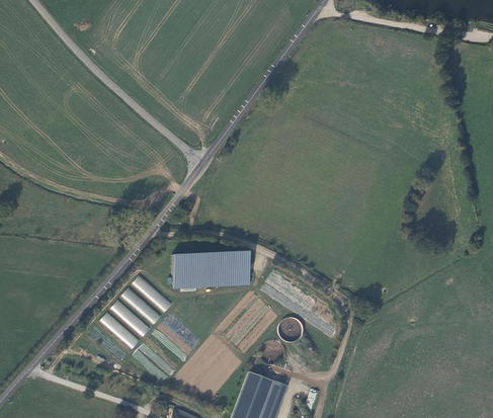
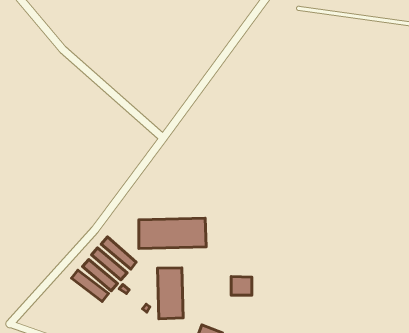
building: none -> [157,268,183,319]

